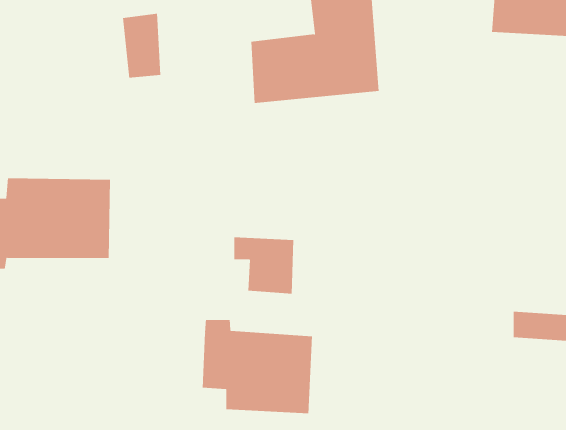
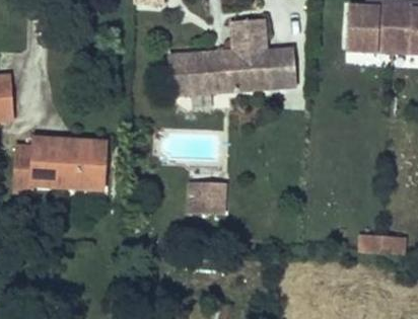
building: [122,13,161,78] -> [169,53,195,95]
building: none -> [275,47,300,85]
building: [202,319,313,414] -> none

